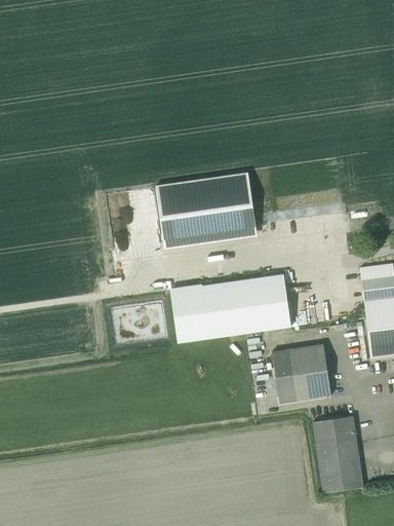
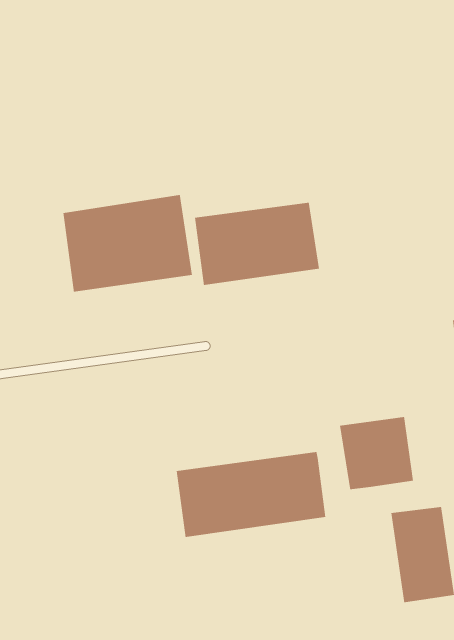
building: none -> [63,194,193,293]
building: [170,274,290,343] -> [176,452,326,538]

